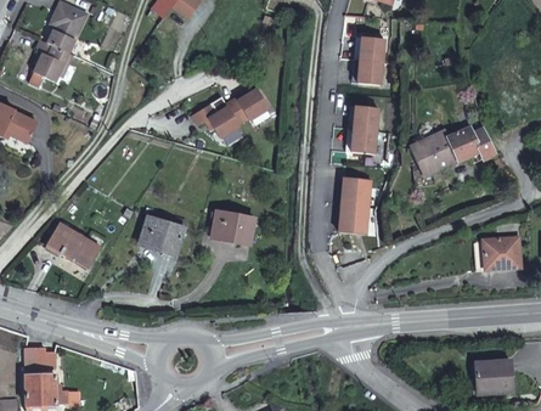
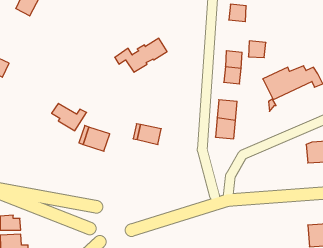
building: [33,41,73,84] -> none
building: [357,61,383,85] -> [248,41,266,58]
building: [52,225,103,265] -> [52,103,87,131]

